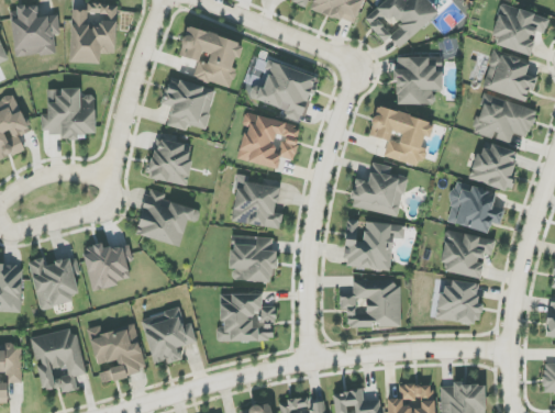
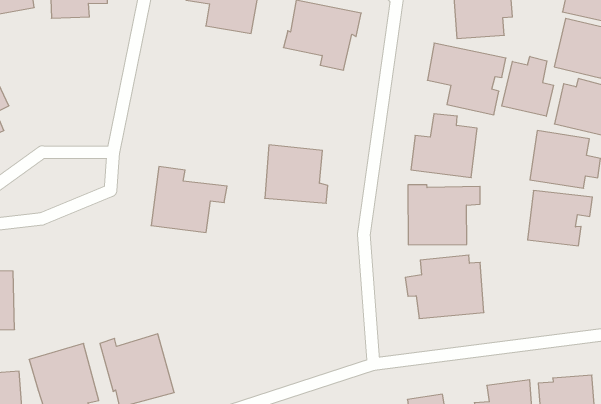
building: [163,77,214,129] -> none
building: [41,88,95,135] -> none
building: [236,111,300,167] -> none
building: none -> [502,56,554,116]
building: [147,136,191,185] -> none
building: [229,234,275,280] -> none
building: [82,243,132,289] -> none
building: [27,256,79,306] -> none
building: [436,279,480,323] -> none
building: [215,292,275,339] -> none
building: [141,306,196,362] -> none

